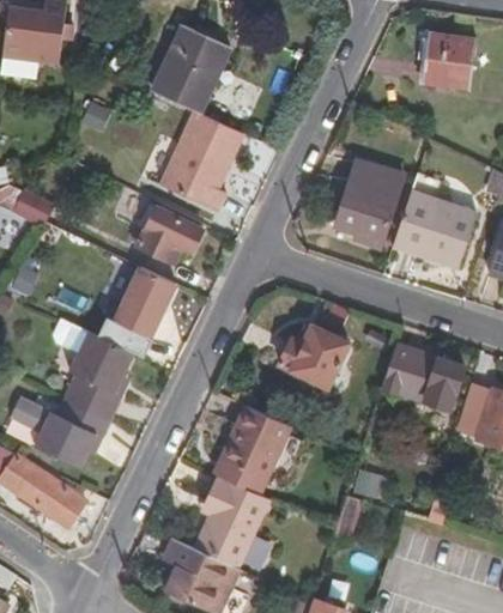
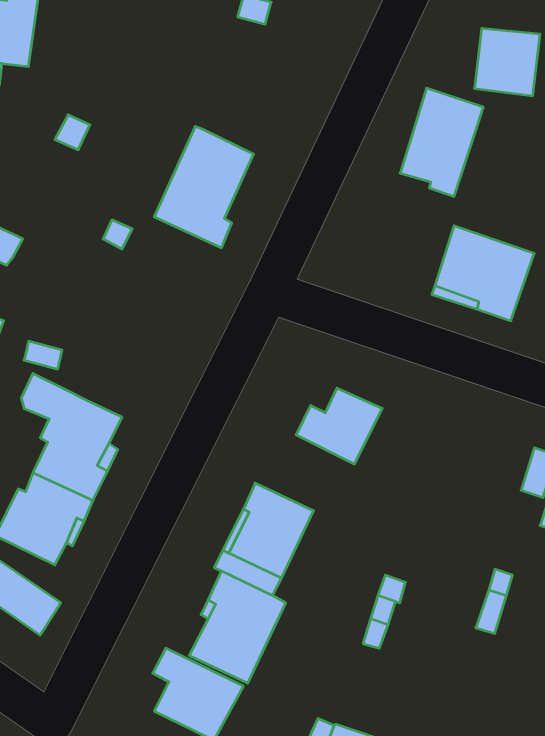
building: [151,22,234,114] -> none
building: [334,159,402,248] -> [400,88,483,196]
building: [129,206,201,259] -> none
building: [107,265,177,352] -> none
building: [382,346,466,411] -> none

